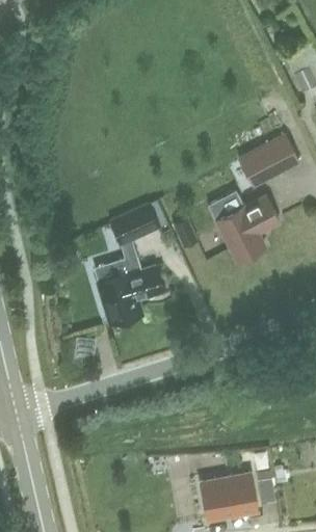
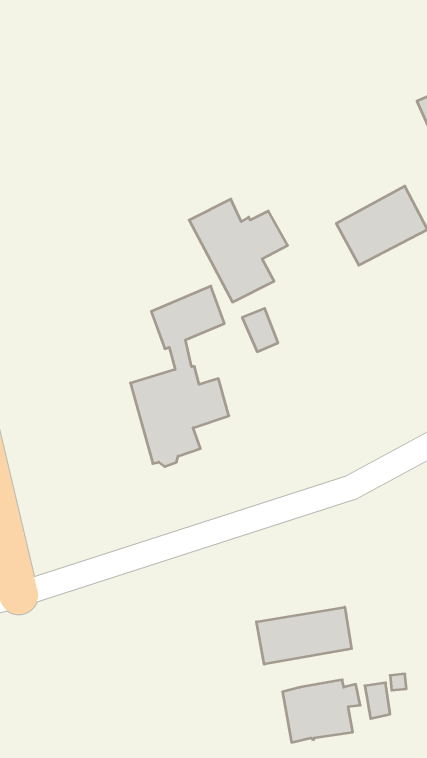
building: [207,190,275,262] -> [189,199,288,302]
building: none -> [256,607,352,664]

